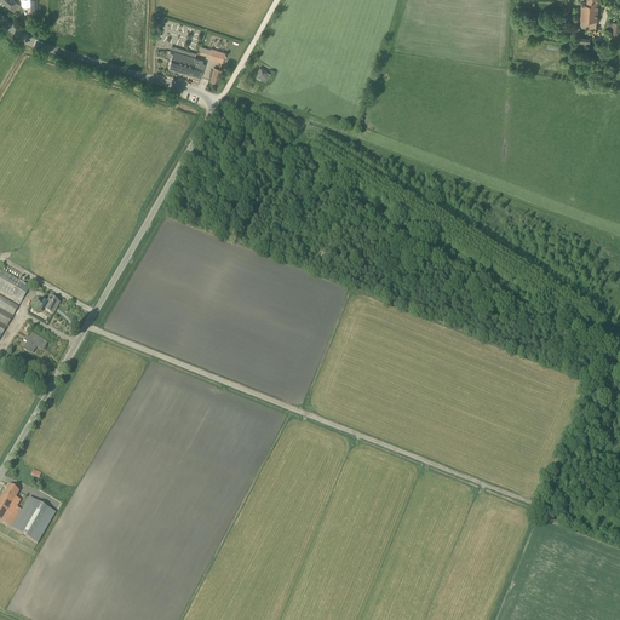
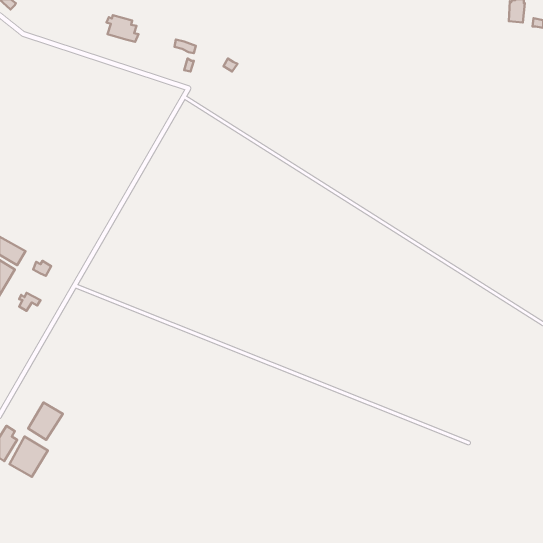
building: [166,46,202,76] -> [107,15,139,42]
building: none -> [28,402,63,440]

